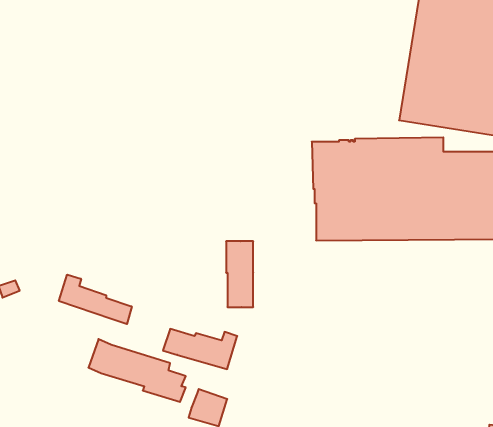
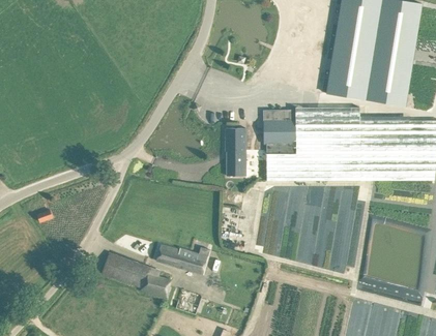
building: [226,241,253,307] -> [225,128,244,176]
building: [59,275,132,324] -> none

